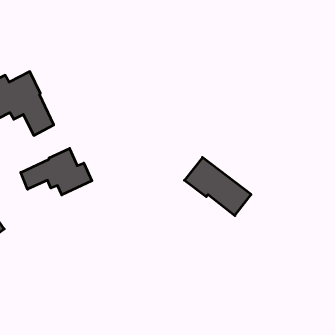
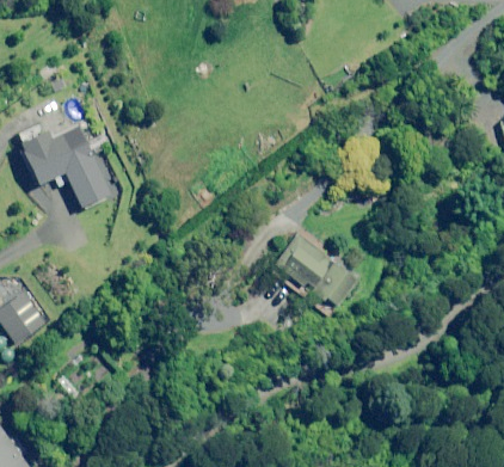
building: [21,148,92,195] -> none

